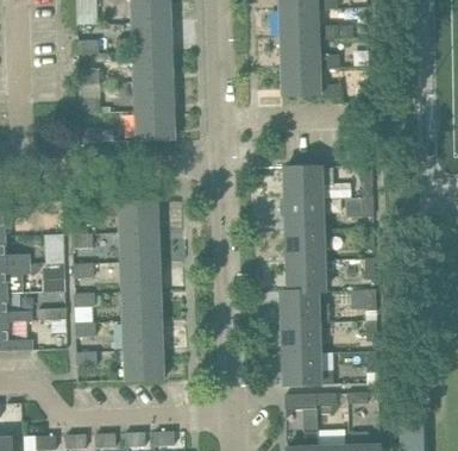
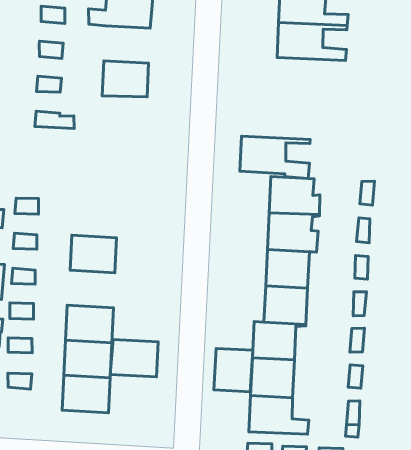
building: [133,51,172,82] -> none
building: [281,64,340,98] -> [240,136,310,179]
building: [136,109,175,140] -> none
building: [119,201,158,232] -> none
building: [121,261,161,292] -> [110,339,158,377]
building: none -> [214,348,253,392]

